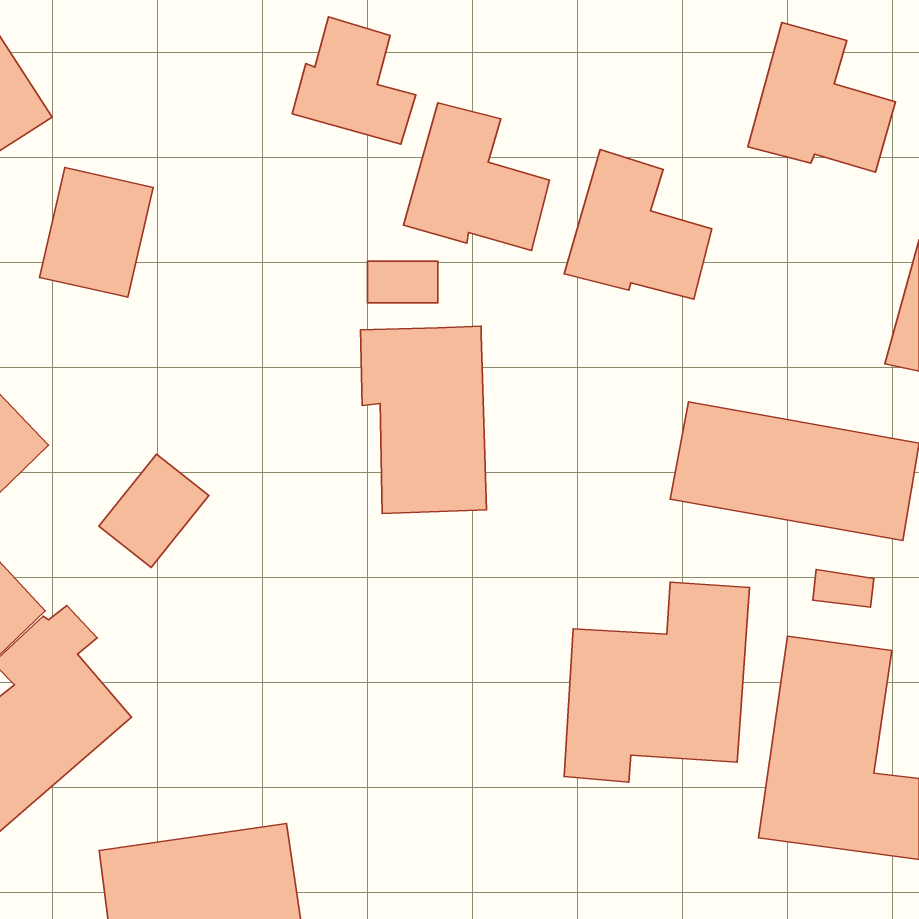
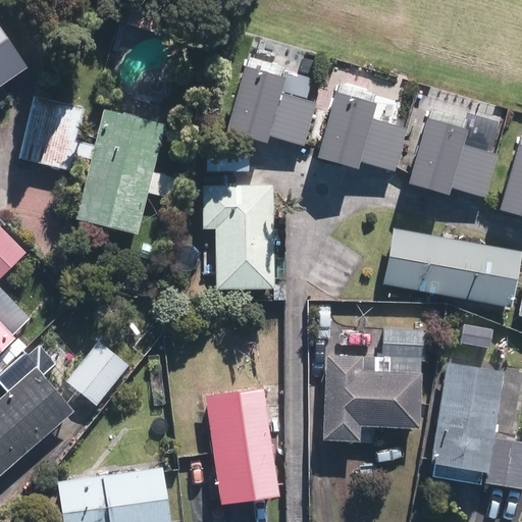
building: [292,17,416,144] -> none
building: [748,23,895,172] -> [410,112,493,197]
building: none -> [81,107,170,231]
building: [99,454,209,568] -> [67,340,129,404]
building: none -> [206,387,278,504]

